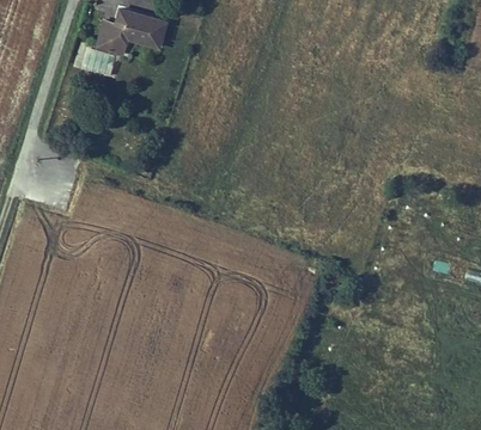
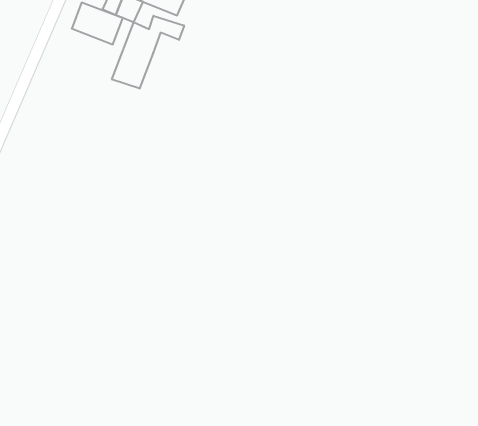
building: none -> [112,16,184,89]

